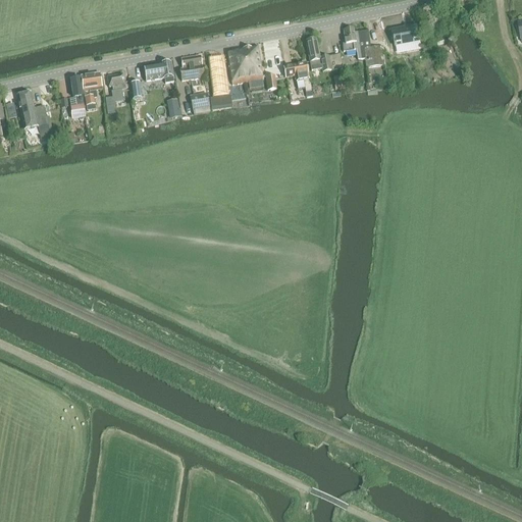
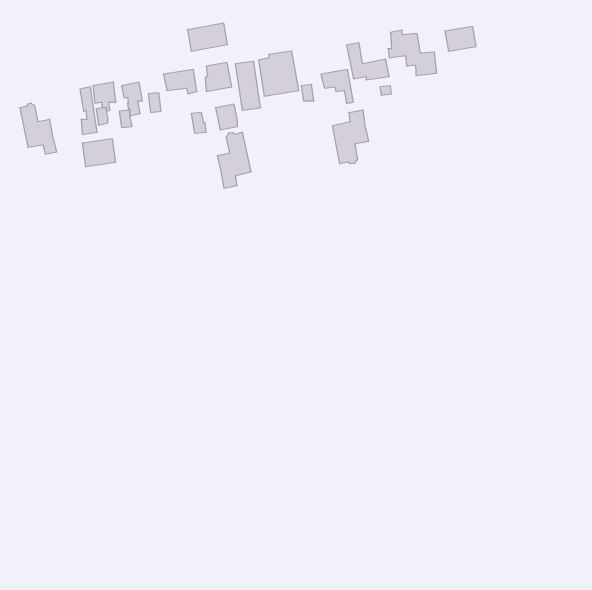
building: none -> [188,23,227,51]
building: none -> [333,110,368,164]
building: none -> [217,132,251,188]
building: none -> [82,138,116,167]

